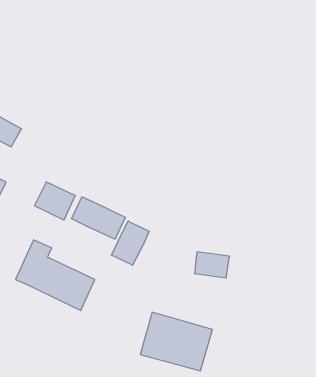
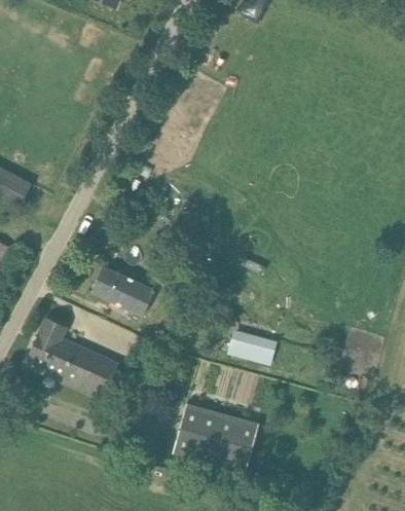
building: [35,182,75,220] -> none
building: [112,221,149,265] -> none

